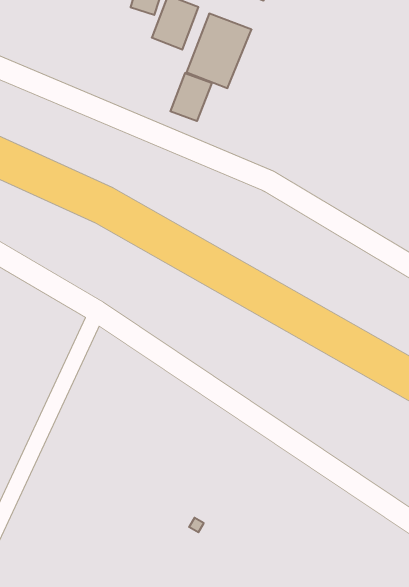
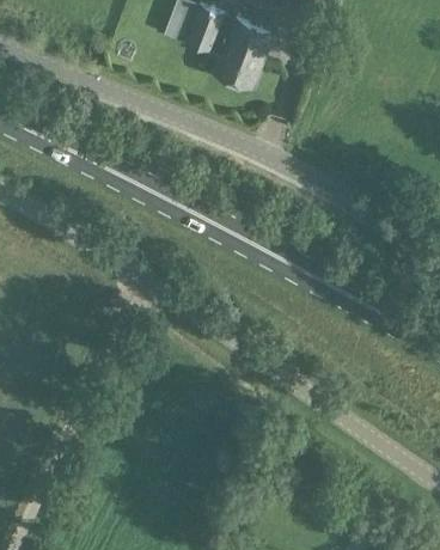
building: [170,73,212,121] -> none

